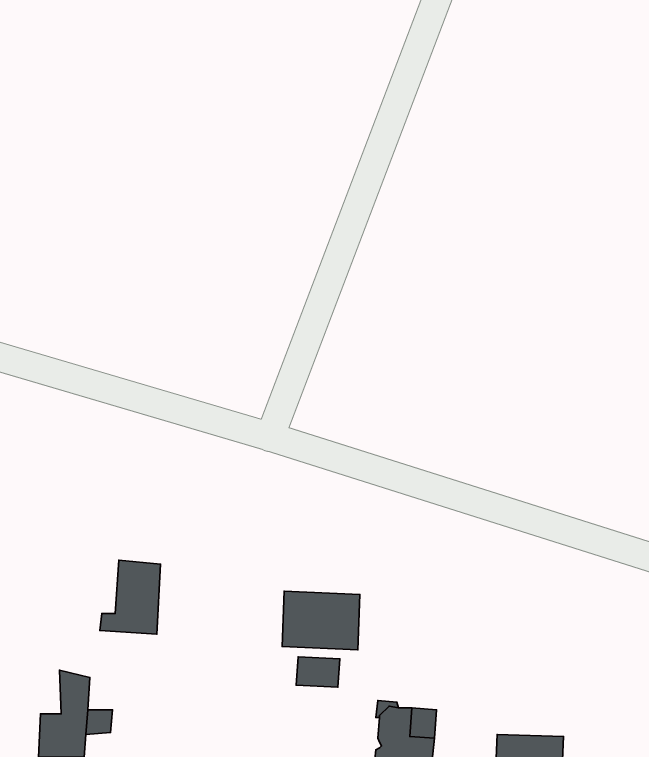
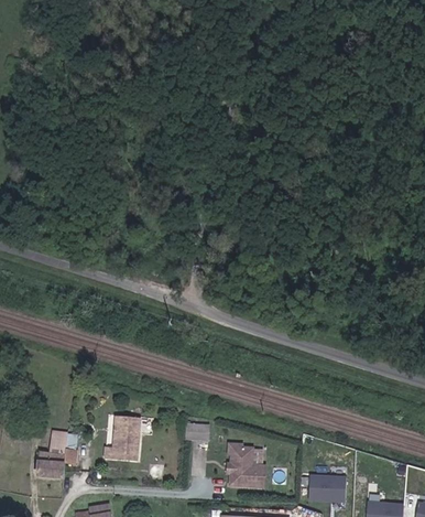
building: [100,560,161,634] -> [105,420,140,463]
building: [282,591,360,650] -> none

